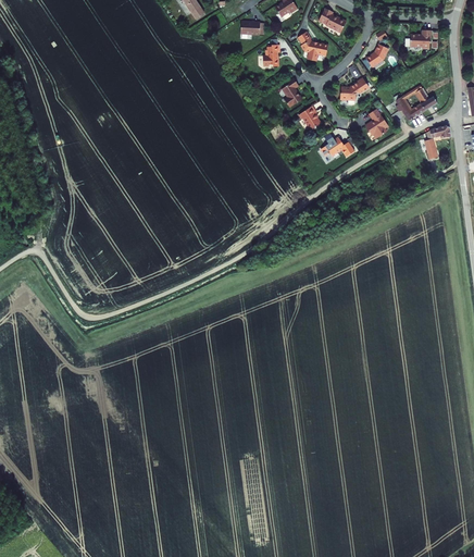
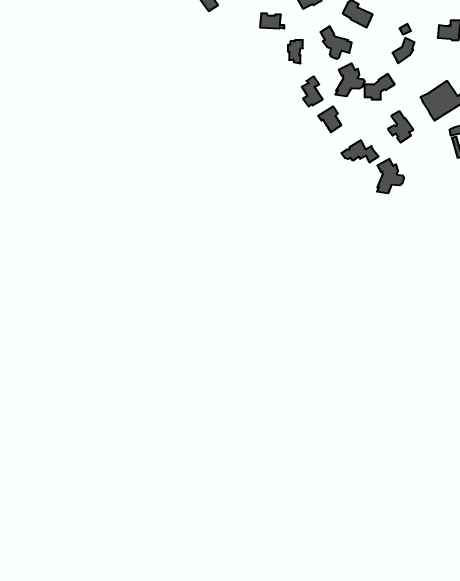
building: none -> [335,63,365,96]
building: none -> [377,159,404,193]

